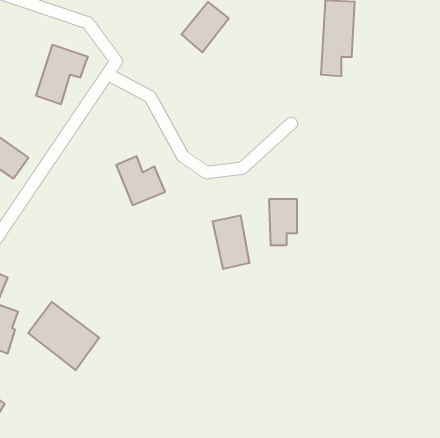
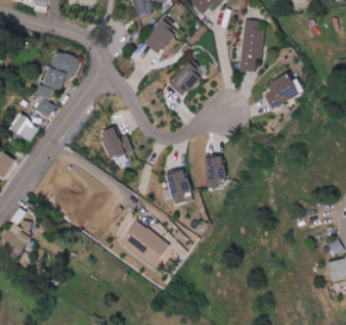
building: none -> [169,59,207,97]
building: none -> [264,73,305,109]
building: none -> [34,84,55,117]
building: [28,302,99,370] -> [120,220,169,267]

